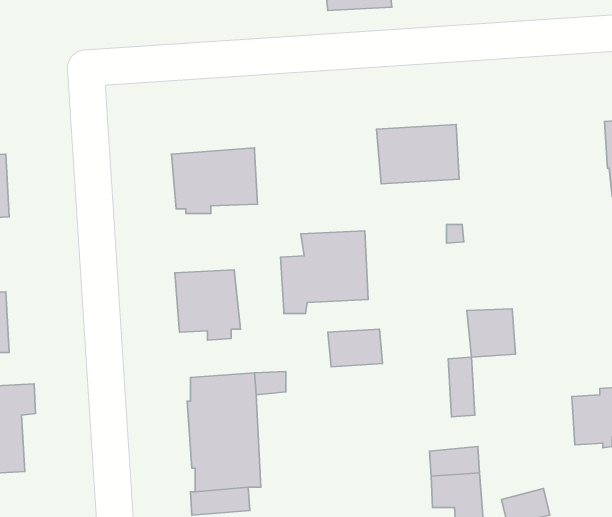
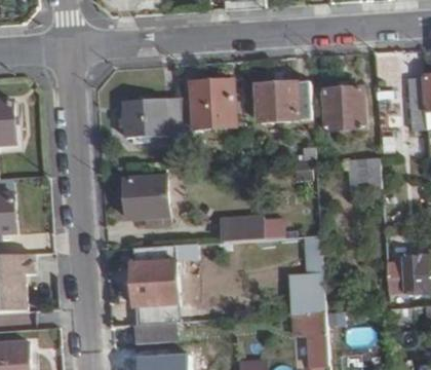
building: none -> [322,87,364,128]
building: [281,231,368,314] -> [177,82,234,137]
building: [467,309,515,357] -> [348,158,380,190]

